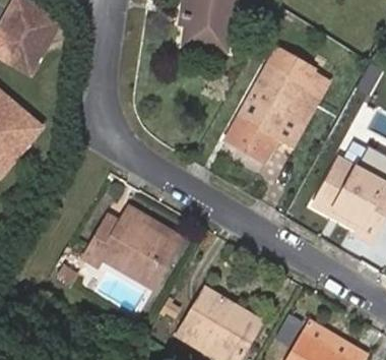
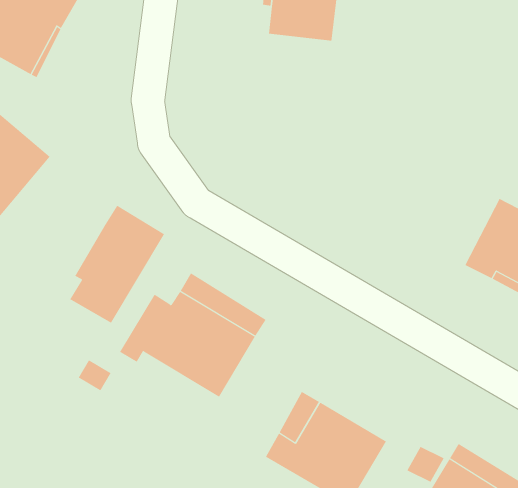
building: [221,46,328,162] -> none
building: none -> [69,205,165,324]

